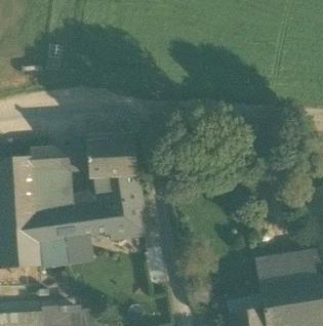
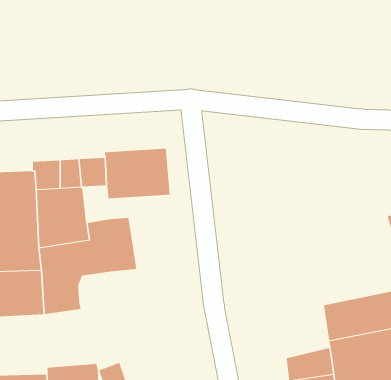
building: [90,175,146,238] -> none
building: [68,235,94,259] -> none

